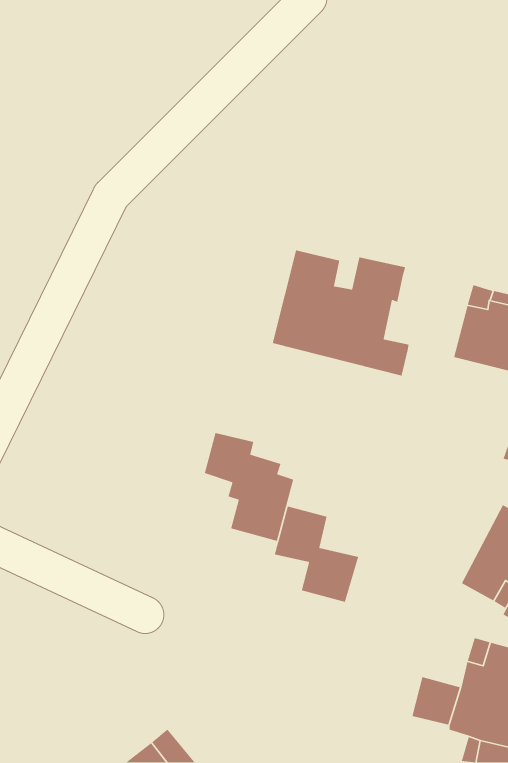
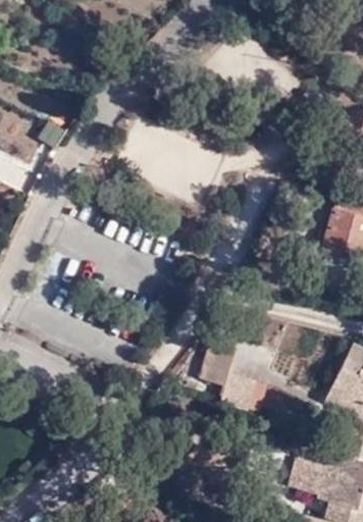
building: [272,250,409,377] -> none
building: [204,432,294,542] -> none

